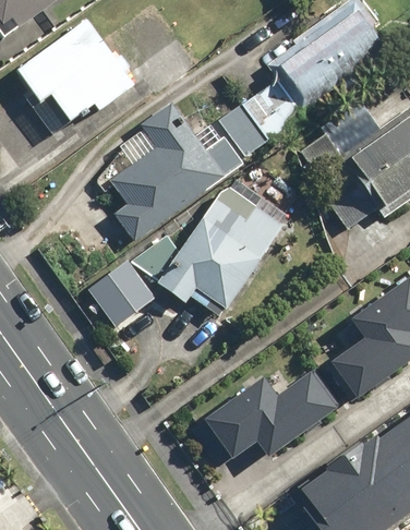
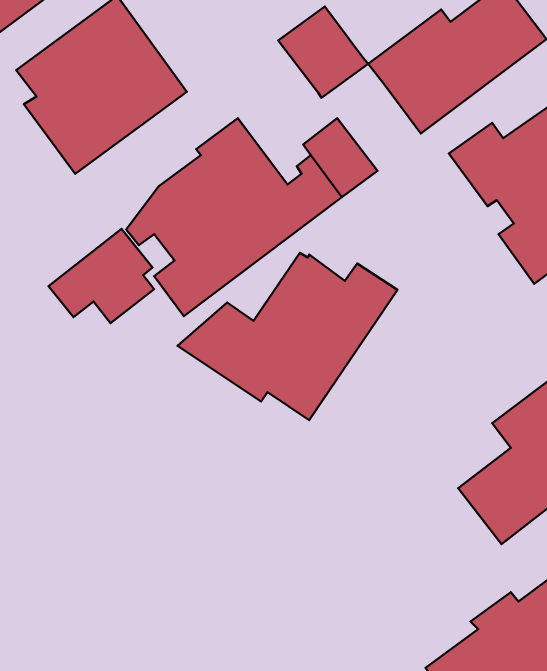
building: [242,79,305,143] -> [278,6,368,98]
building: [74,261,148,327] -> [49,229,154,323]
building: [204,369,341,458] -> none

